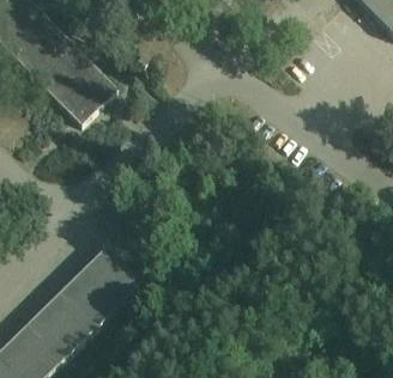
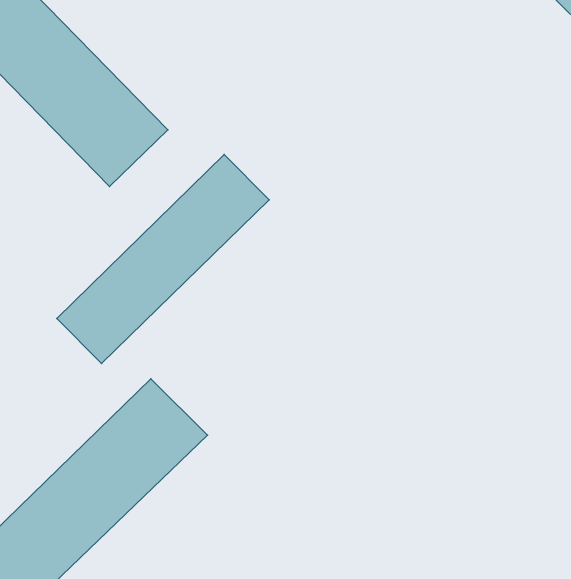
building: none -> [57,155,269,364]

